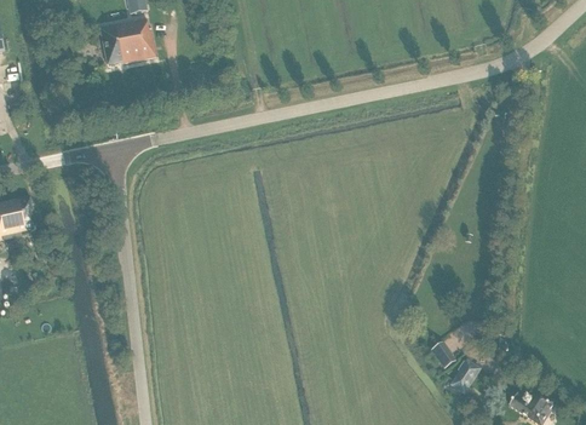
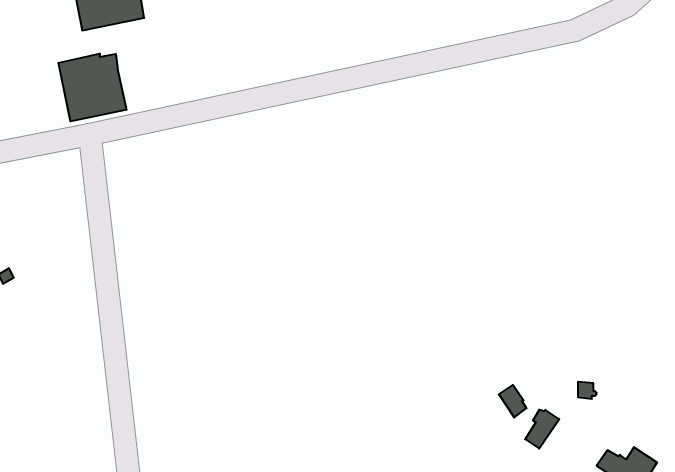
building: none -> [59,54,126,121]

